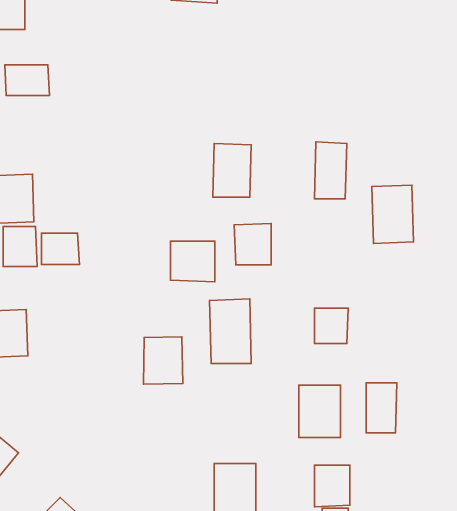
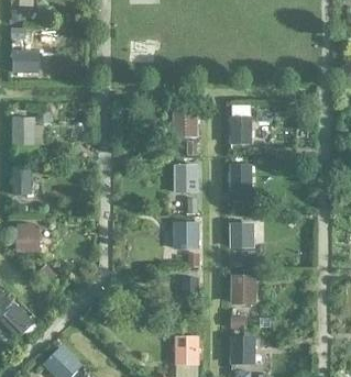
building: [372,185,413,244] -> [223,158,253,200]
building: [42,233,79,265] -> none
building: [170,241,215,282] -> none
building: [144,337,183,384] -> none
building: [366,383,397,433] -> none

